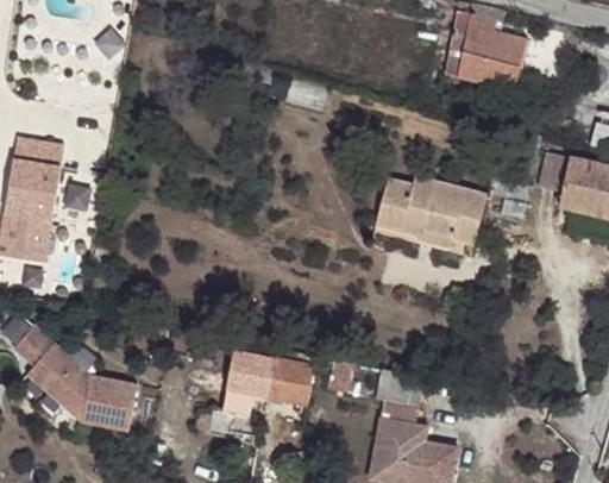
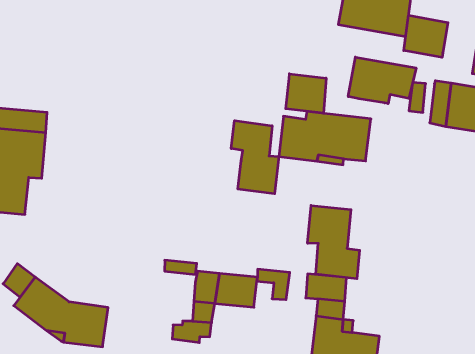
building: none -> [404,15,448,57]
building: none -> [348,57,416,104]
building: none -> [286,74,326,113]
building: none -> [231,121,279,194]
building: none -> [308,205,360,279]

